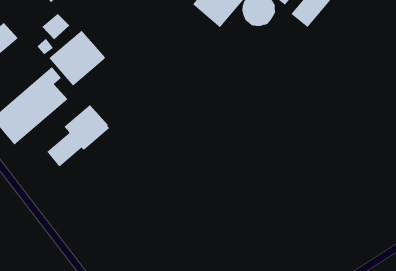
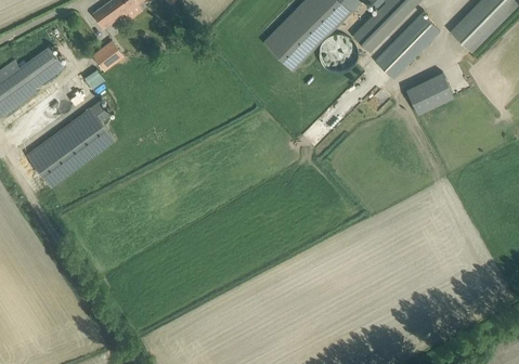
building: none -> [405,73,454,115]
building: [49,30,106,87] -> none
building: [47,104,110,168] -> none

